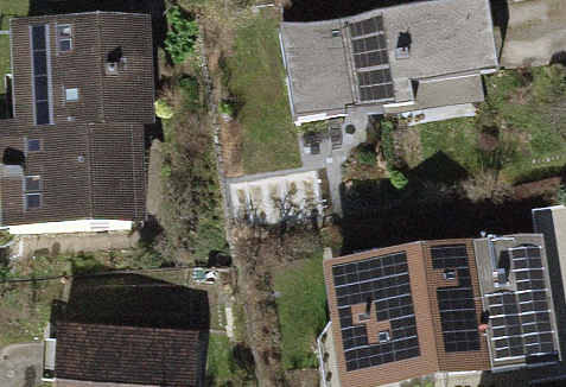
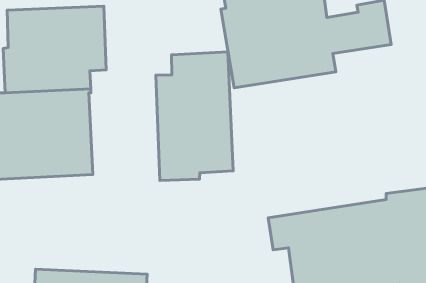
building: none -> [156,52,233,181]

